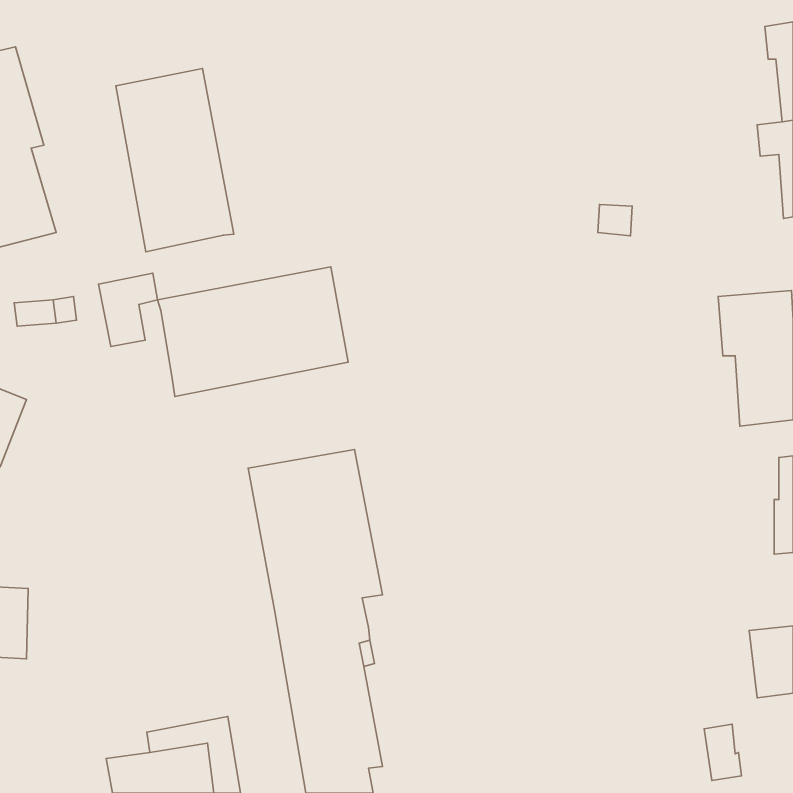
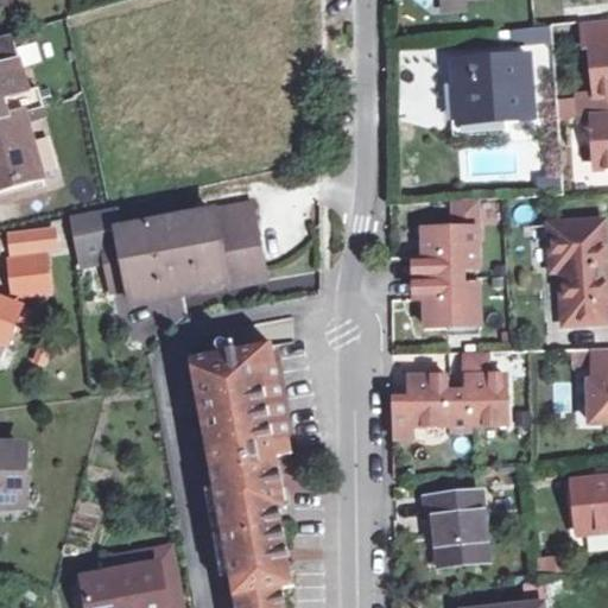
building: [116,68,234,252] -> none
building: none -> [452,57,528,121]
building: none -> [406,200,481,330]
building: none -> [8,253,51,294]
building: none -> [390,353,508,441]
building: none -> [428,488,489,563]

